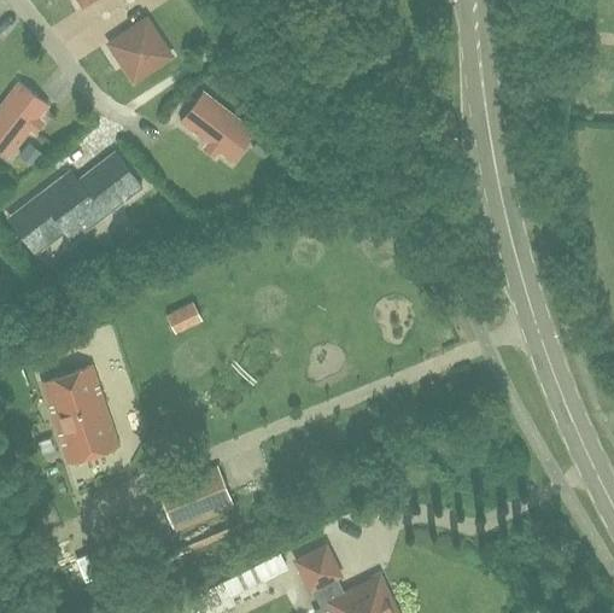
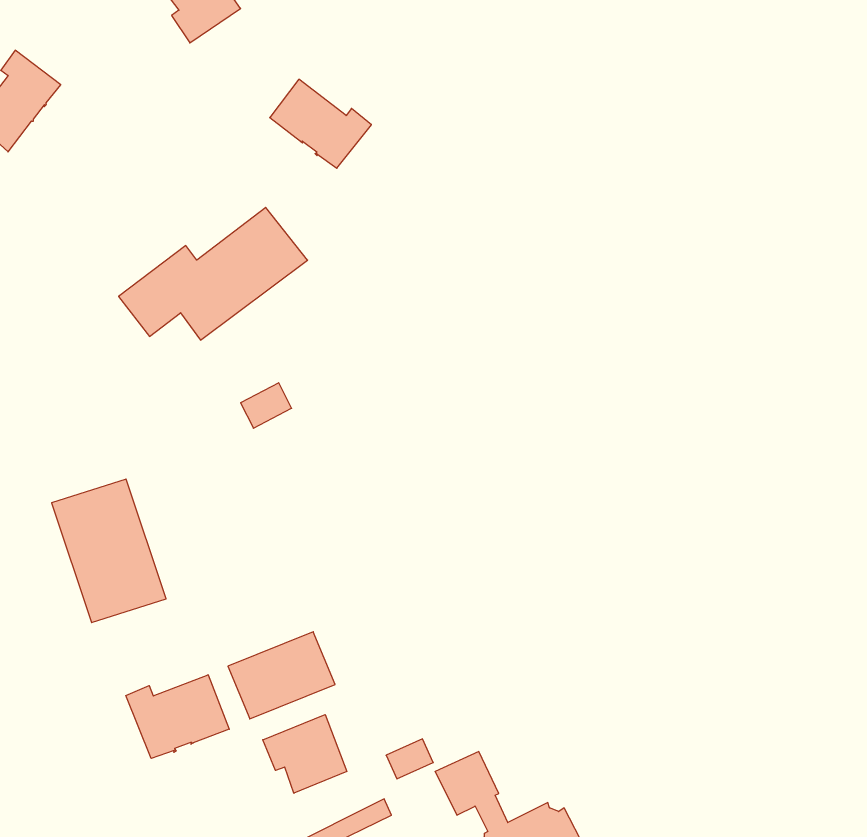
building: [16,153,141,241] -> [119,207,308,340]
building: none -> [126,675,229,758]
building: none -> [263,715,347,793]

